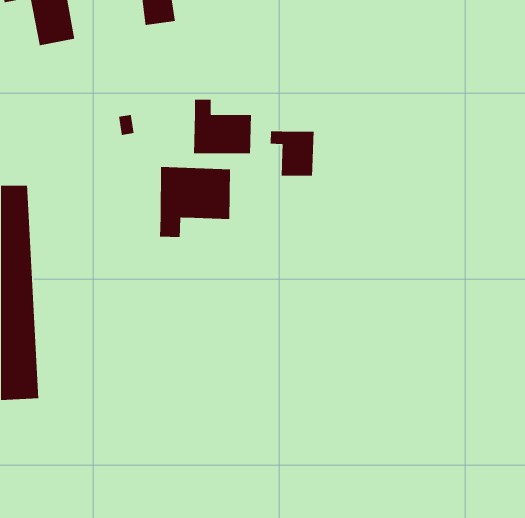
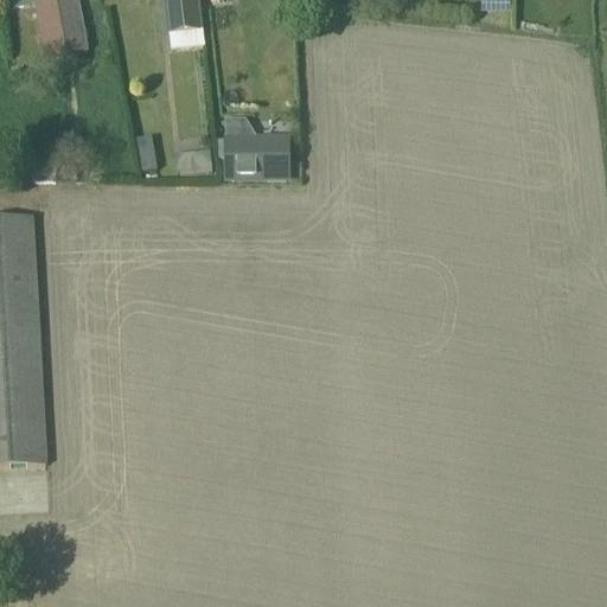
building: [270,130,314,177] -> none
building: [159,166,231,238] -> none

